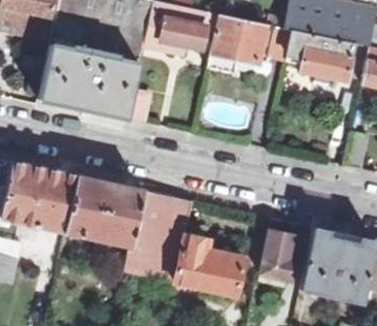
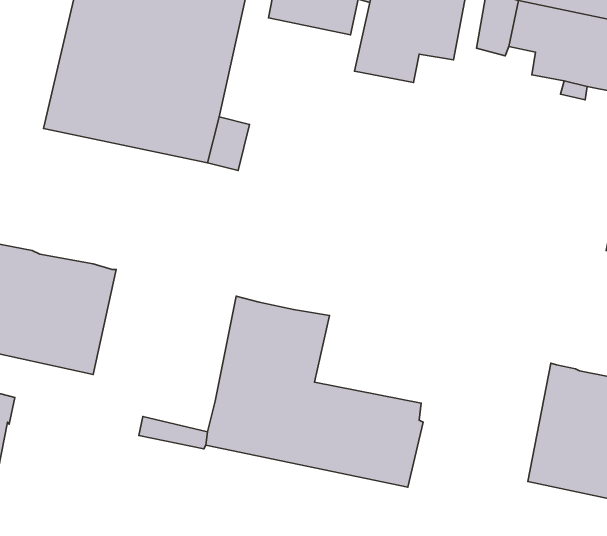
building: [65,176,142,248] -> none
building: [259,231,295,281] -> none

